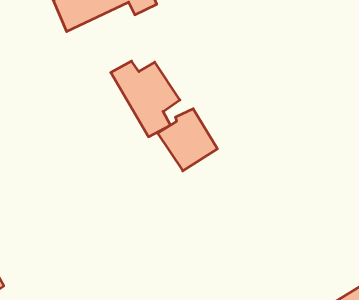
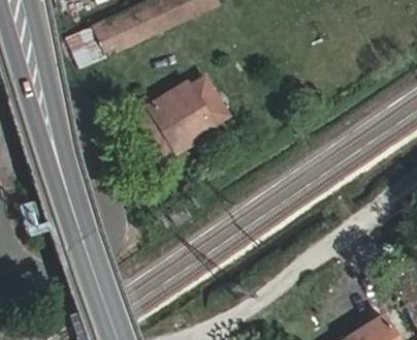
building: [158,109,217,171] -> [174,71,233,132]

